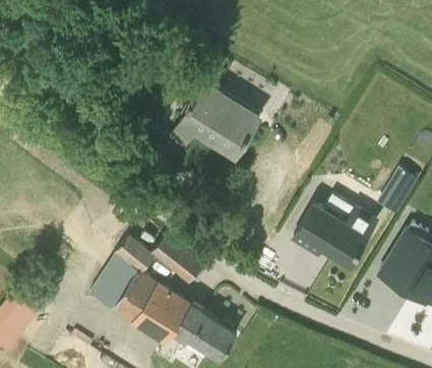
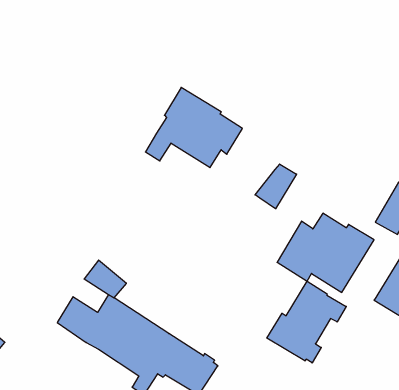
building: none -> [255,164,297,209]
building: [151,236,202,283] -> none
building: none -> [267,281,346,363]

